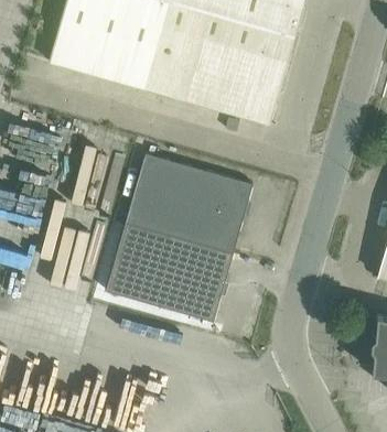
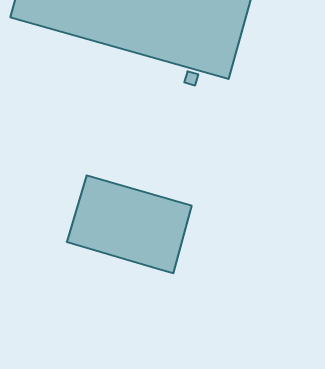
building: [126,151,252,252] -> none

